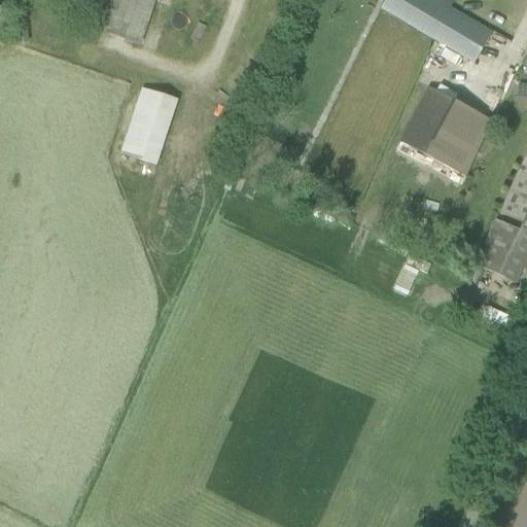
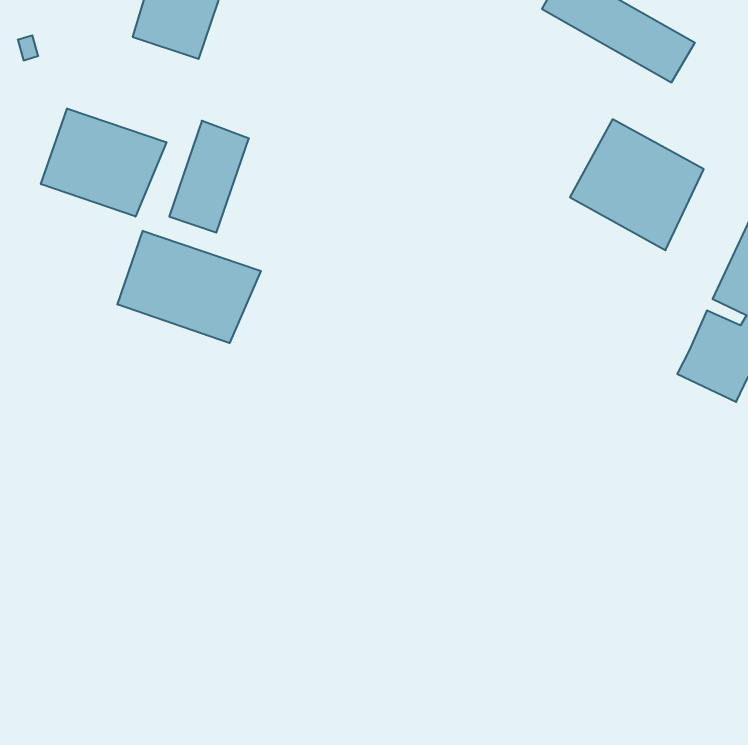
building: none -> [41,108,166,217]
building: none -> [117,231,261,343]

